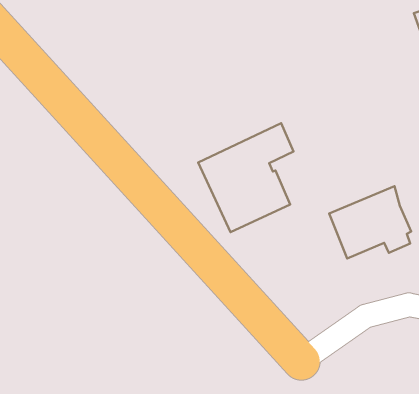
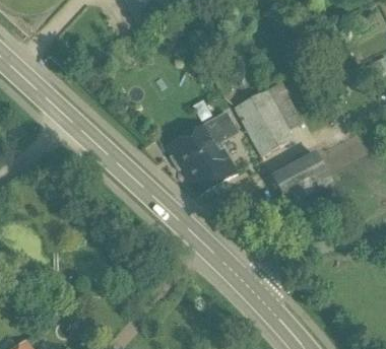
building: none -> [235,86,296,153]

